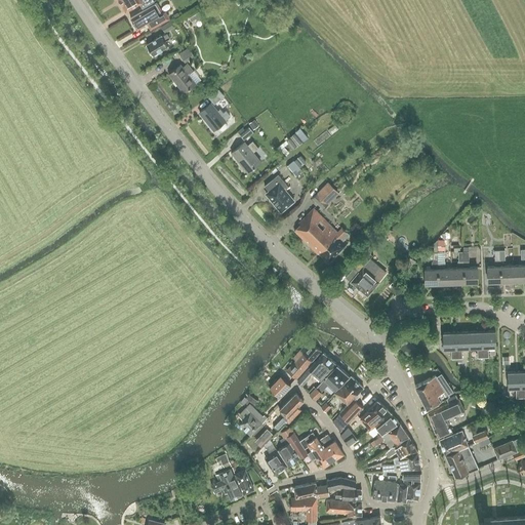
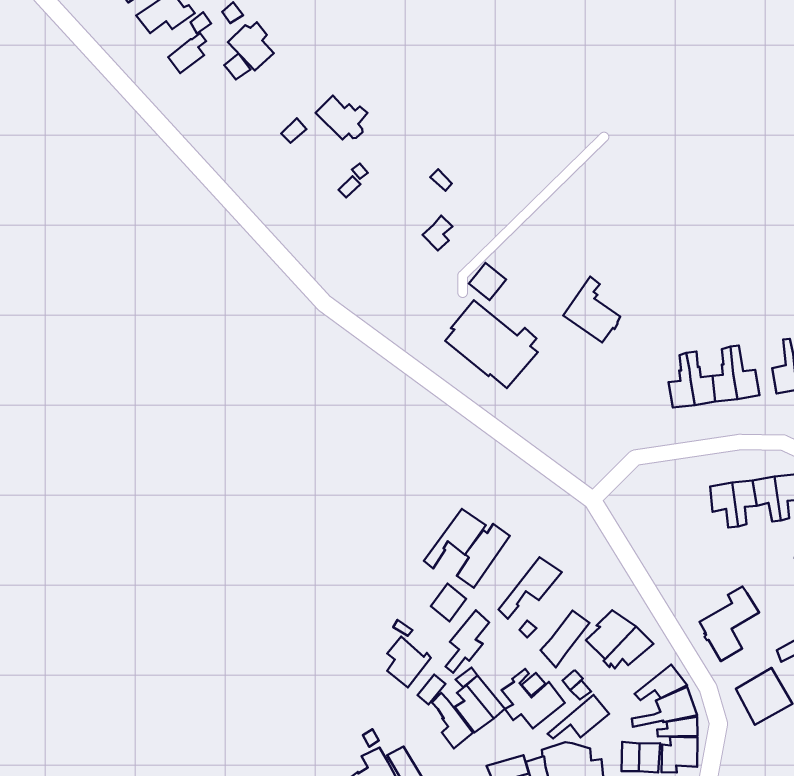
building: [169,64,196,92] -> [228,22,274,71]
building: [200,104,231,130] -> [316,96,367,139]
building: [232,140,260,172] -> none
building: [265,174,294,212] -> none
building: [346,255,379,295] -> [563,277,620,343]
building: [297,353,336,387] -> [424,509,486,568]
building: [415,373,453,409] -> none
building: [334,376,364,404] -> none
building: [370,423,408,448] -> [547,695,609,738]
building: [440,431,468,454] -> none

